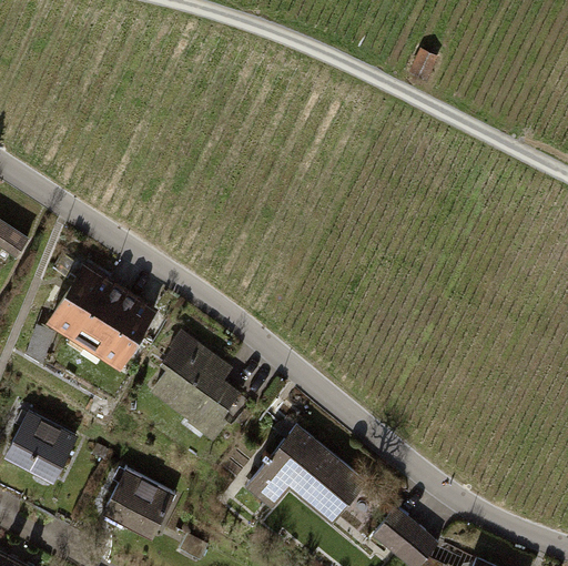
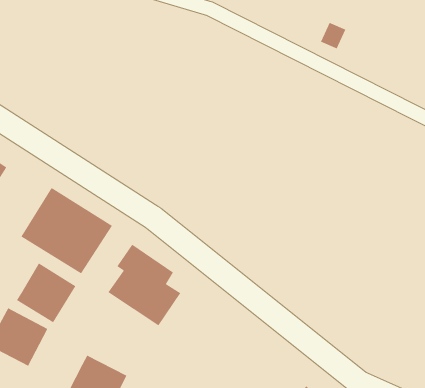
building: none -> [16,263,76,323]
building: [250,425,361,504] -> none

